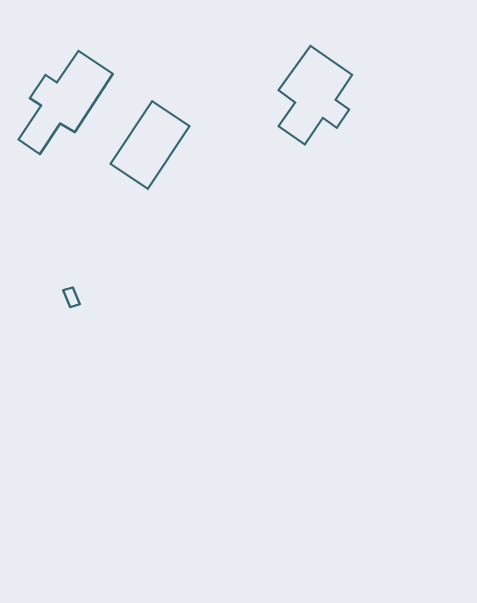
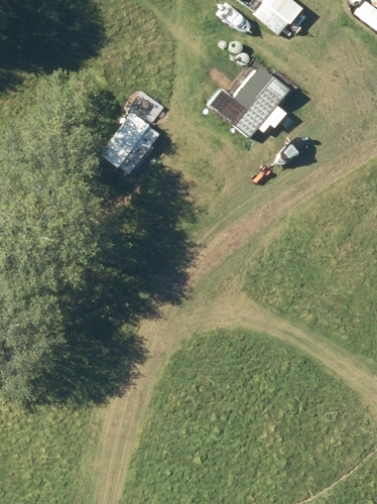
building: [19,51,113,154] -> none

